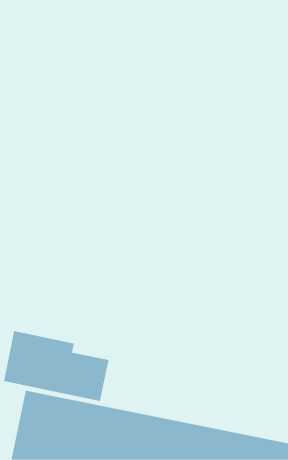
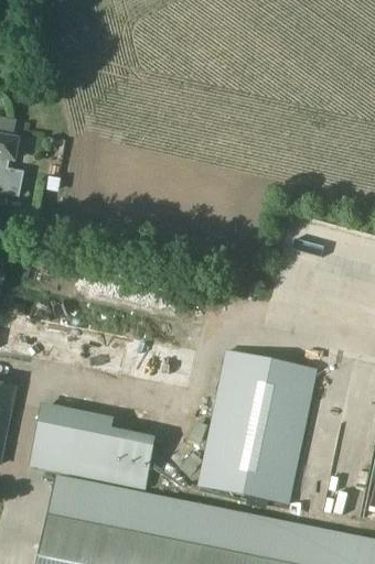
building: none -> [197,349,319,506]

